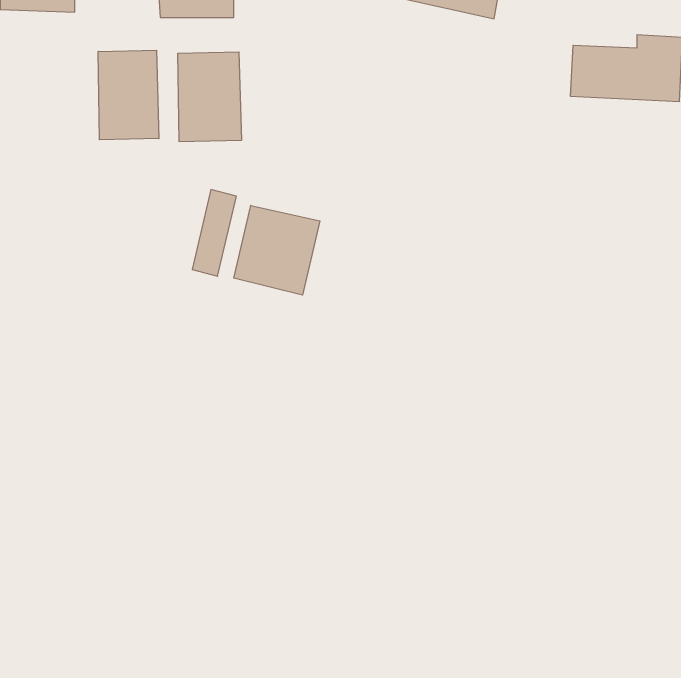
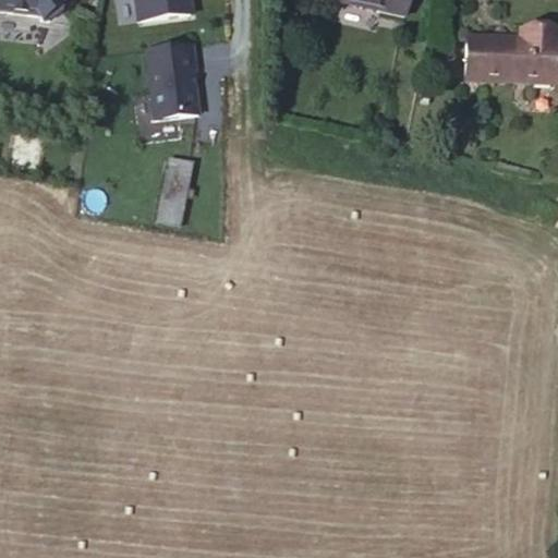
building: [98,50,159,140] -> none
building: [234,205,320,295] -> none

